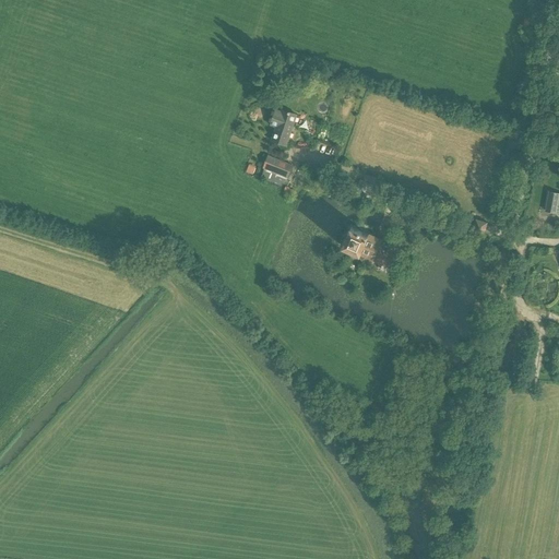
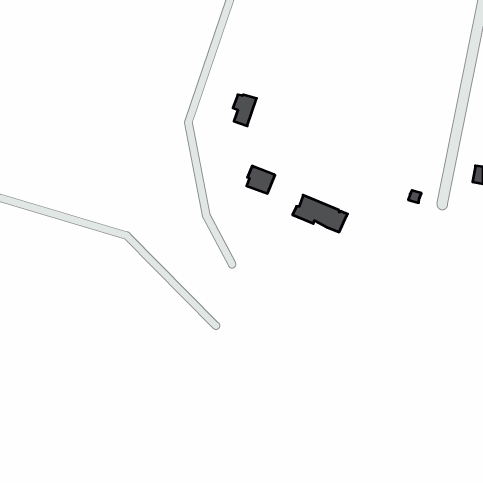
building: [260,154,293,186] -> [247,166,275,193]

